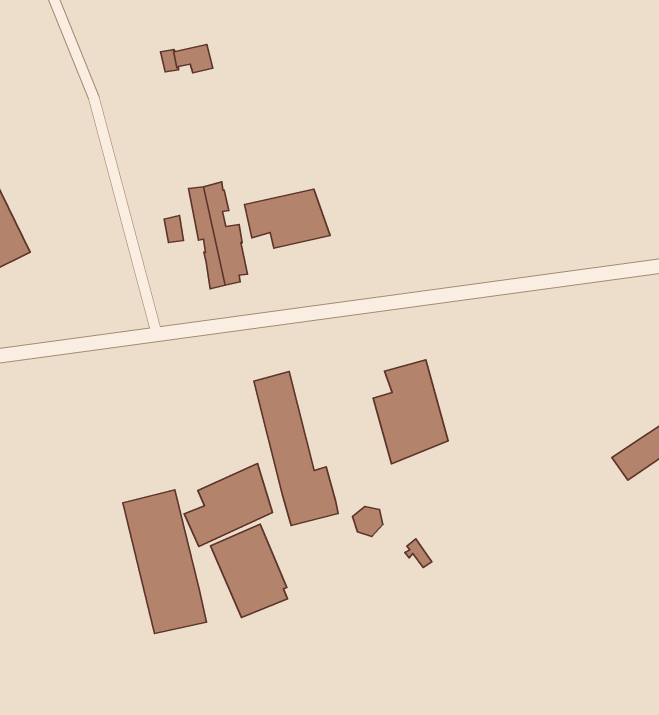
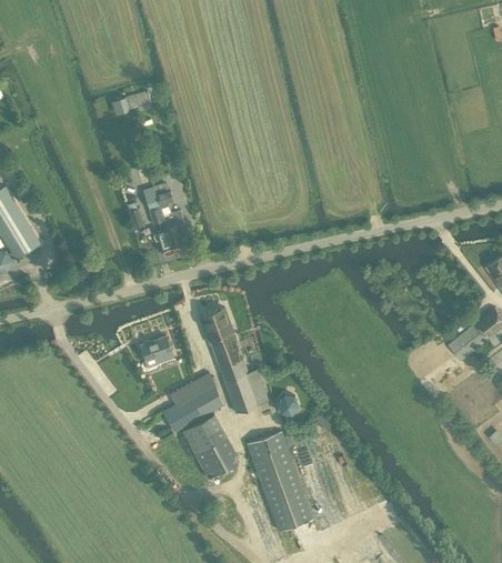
building: [244,189,330,248] -> none
building: [373,360,448,464] -> none
building: none -> [140,336,173,368]
building: [123,490,206,634] -> [247,432,311,531]

